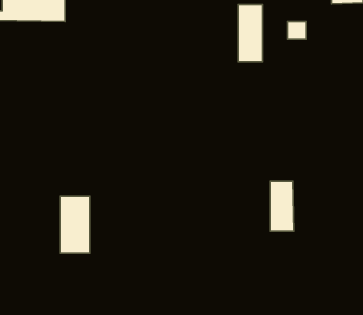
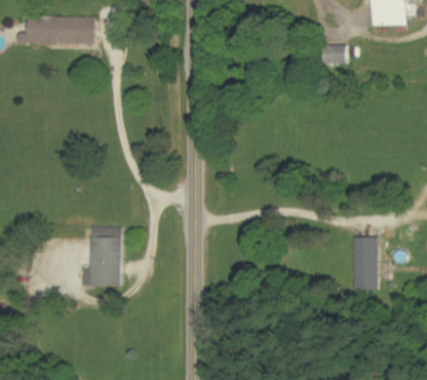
building: [238,4,263,62] -> none
building: [270,181,294,231] -> [353,238,378,290]

